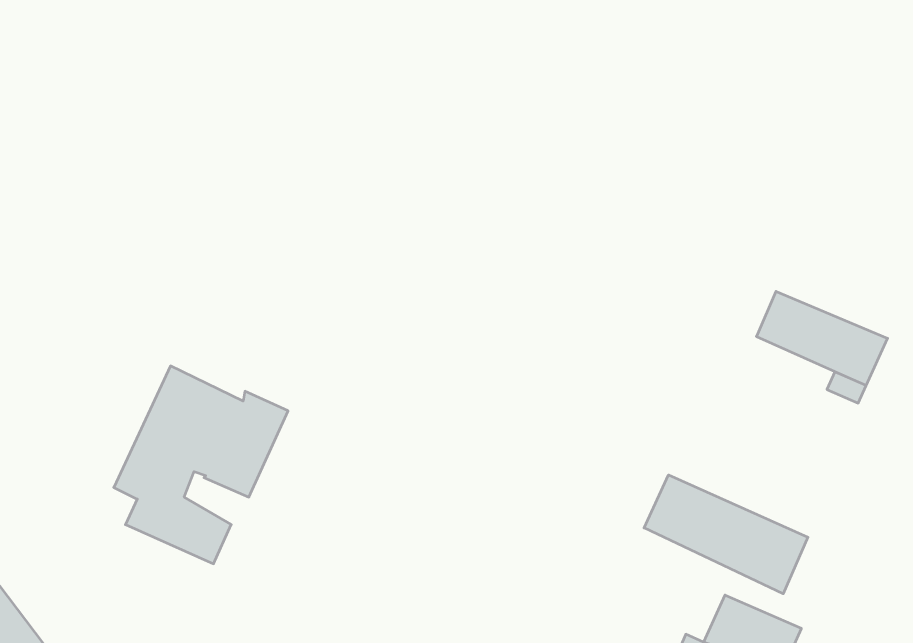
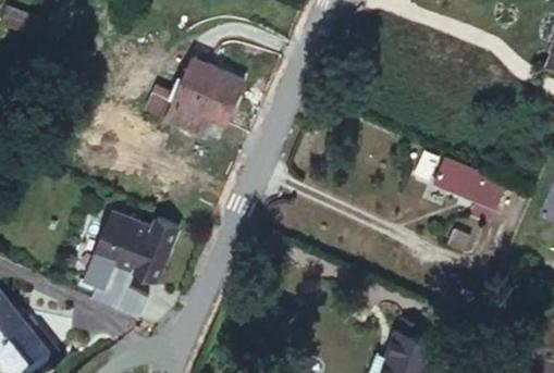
building: none -> [161,48,241,125]
building: [644,475,808,594] -> none

